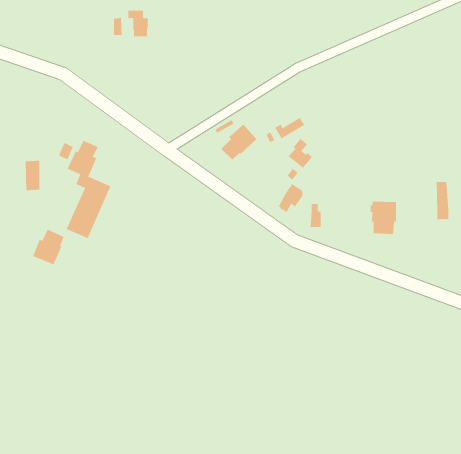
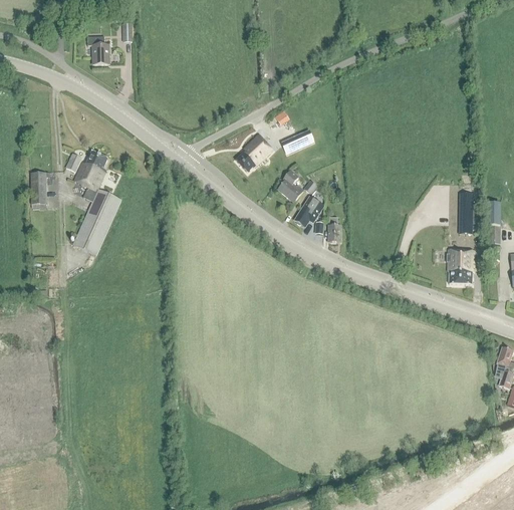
building: [128,10,149,37] -> [87,36,109,64]
building: [288,138,313,169] -> [277,170,303,202]
building: [370,201,397,235] -> [446,249,474,284]
building: [33,229,64,265] -> none

